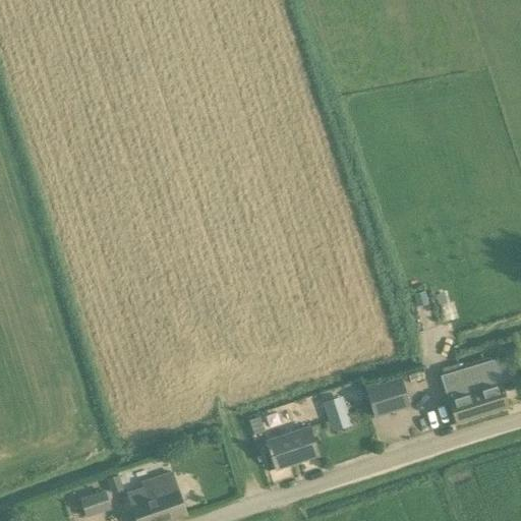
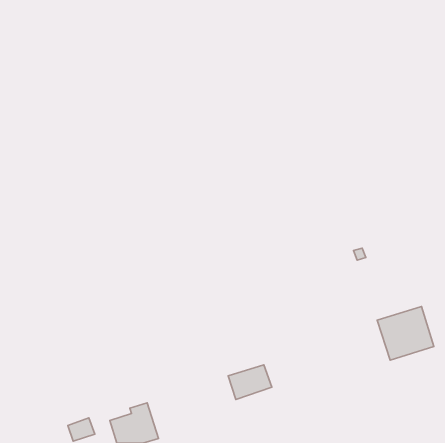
building: [366,377,409,415] -> none
building: [324,395,350,427] -> none

